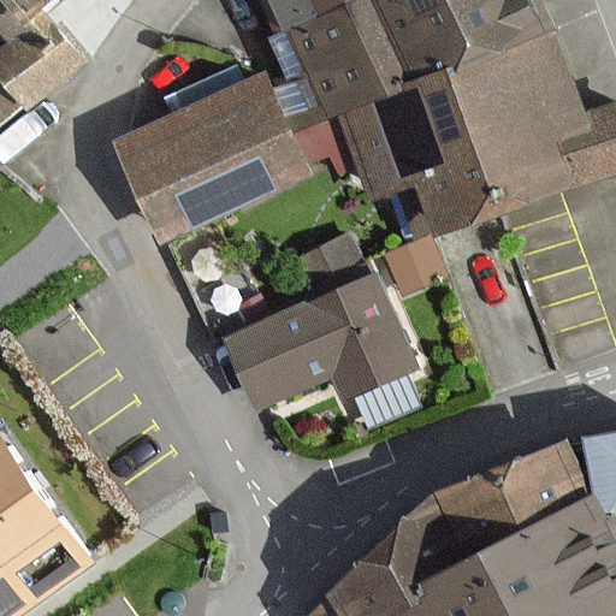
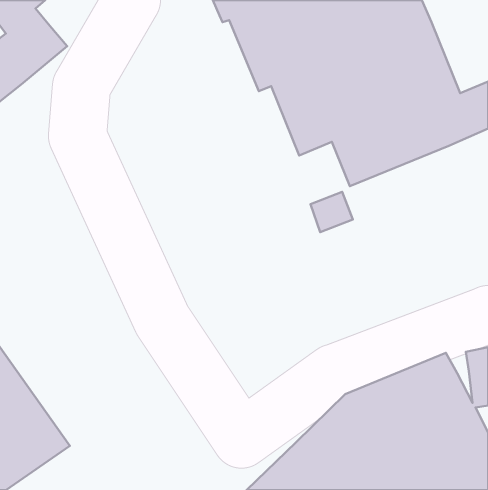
building: [118,76,304,238] -> none
building: [229,248,415,403] -> none

